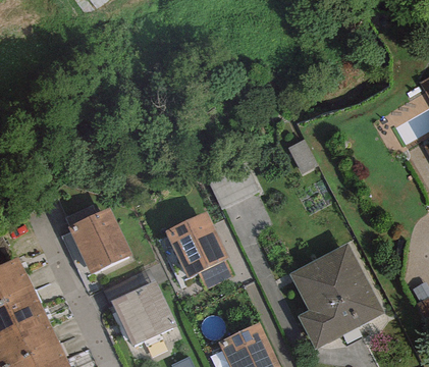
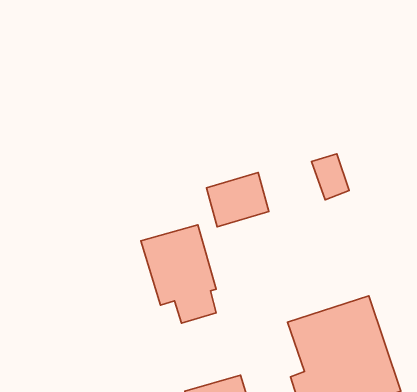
building: [66,205,131,273] -> none
building: [109,280,176,347] -> none

